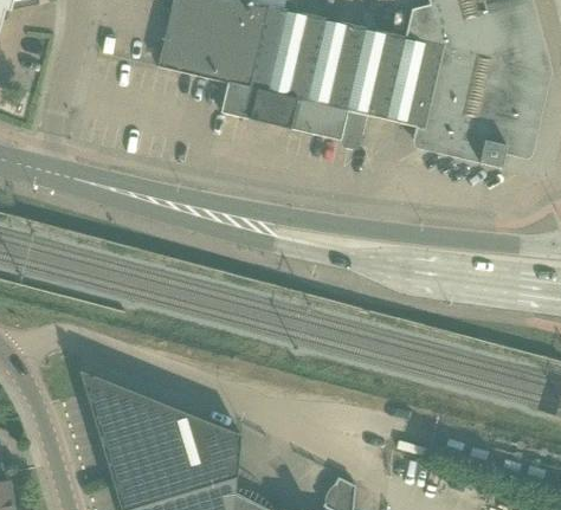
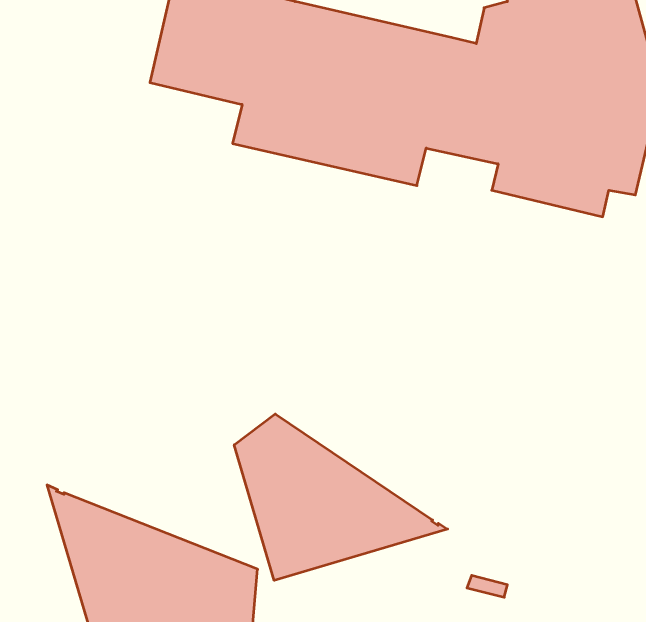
building: none -> [234,414,448,580]

